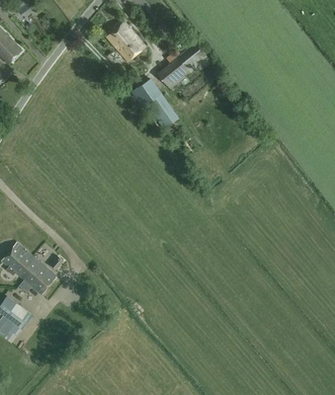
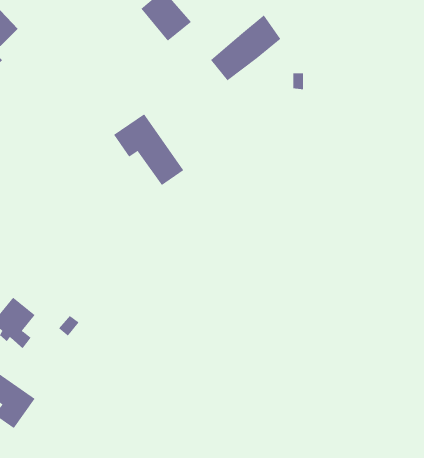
building: [129,77,179,129] -> [113,113,184,186]
building: [22,255,56,294] -> none

